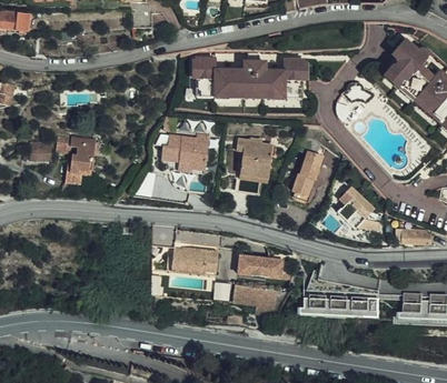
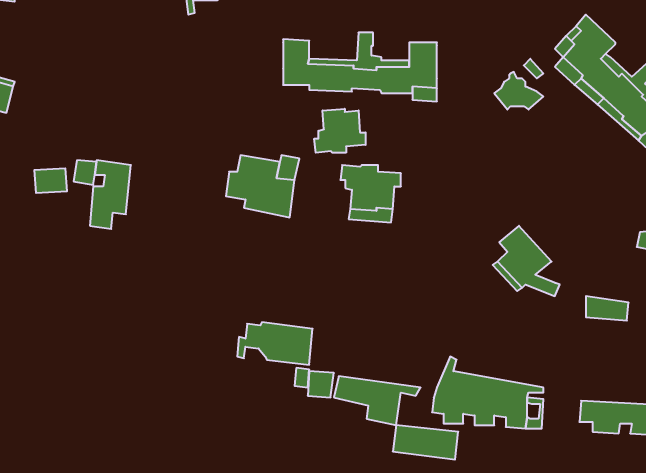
building: none -> [314,109,366,153]
building: [295,151,324,198] -> none
building: [238,254,282,278] -> [393,425,458,460]

